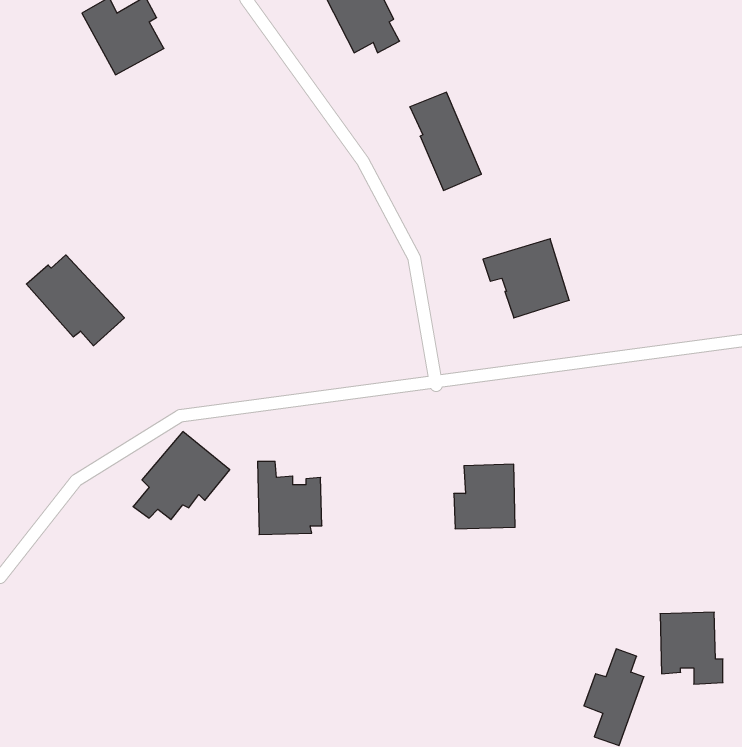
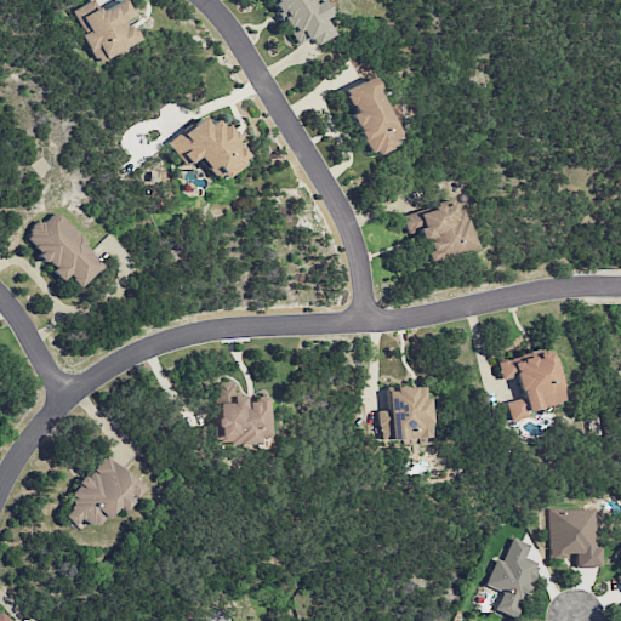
building: none -> [171,116,251,181]
building: none -> [501,348,564,420]
building: [133,432,230,520] -> [67,454,147,526]

